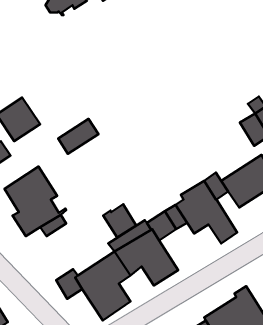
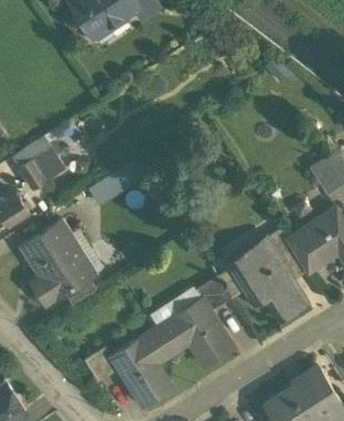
building: [103,204,136,238] -> none

